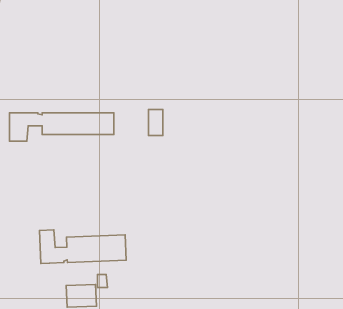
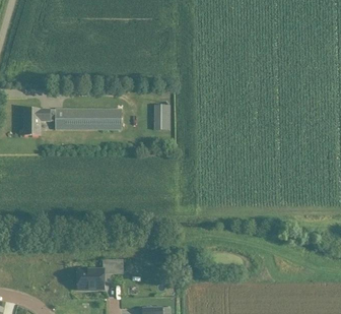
building: [40,230,126,263] -> none

